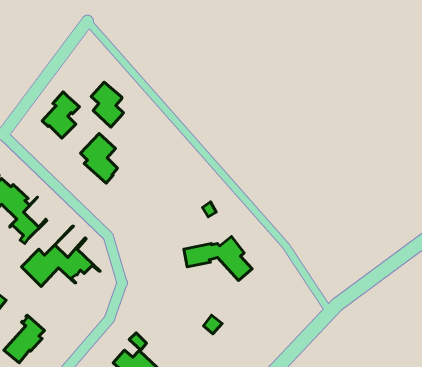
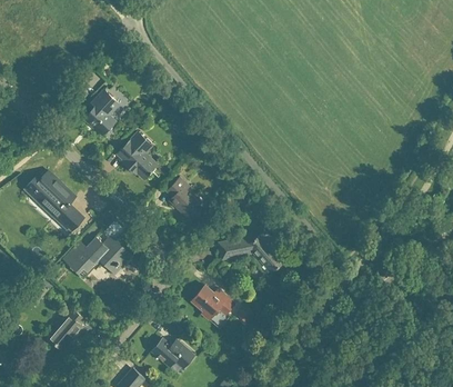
building: [91,82,124,127] -> none
building: none -> [167,177,205,220]
building: none -> [191,285,235,319]

